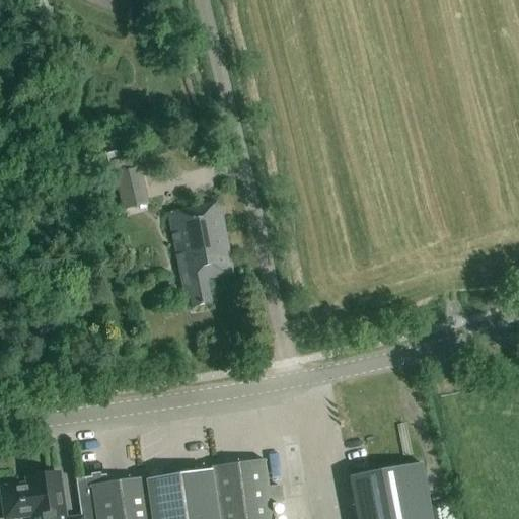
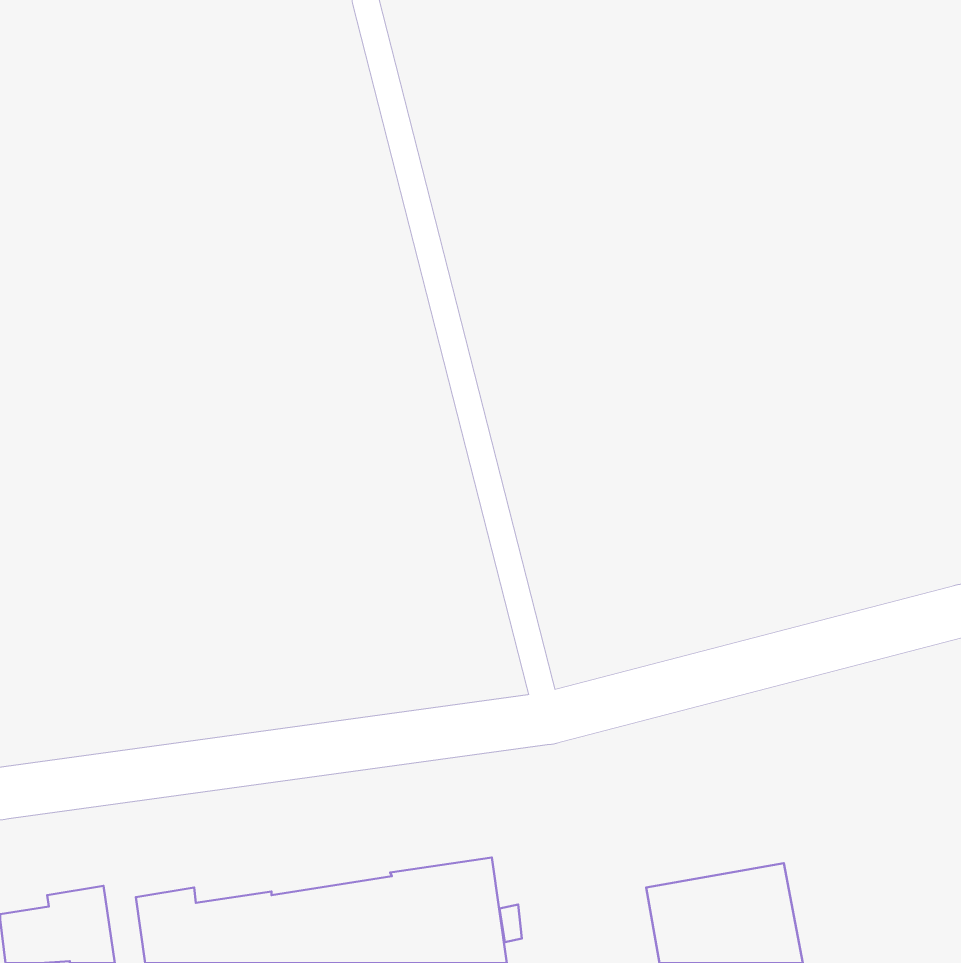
building: [115,169,149,210] -> none
building: [168,205,234,308] -> none

